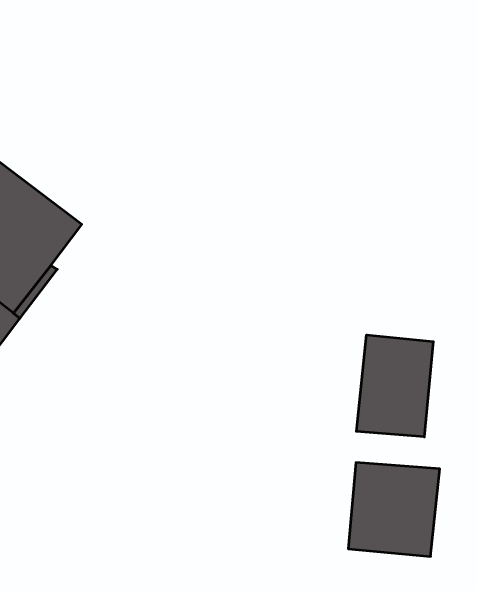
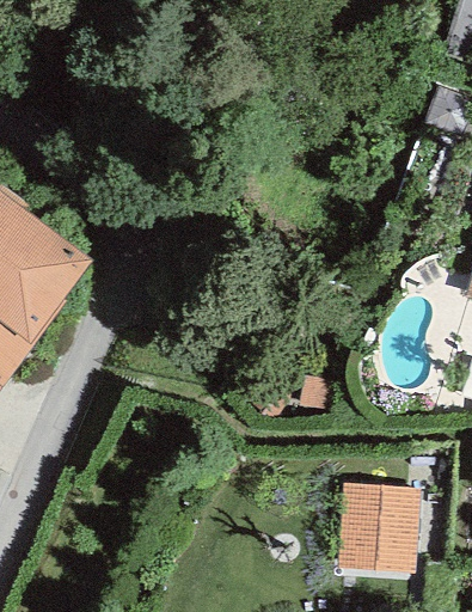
building: [356,335,433,437] -> none

